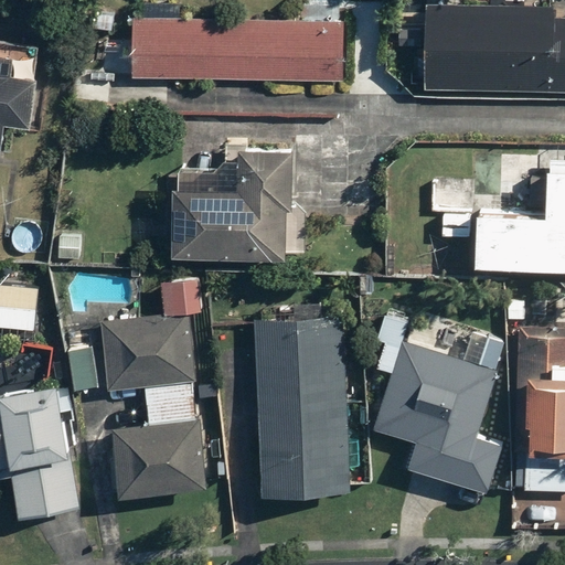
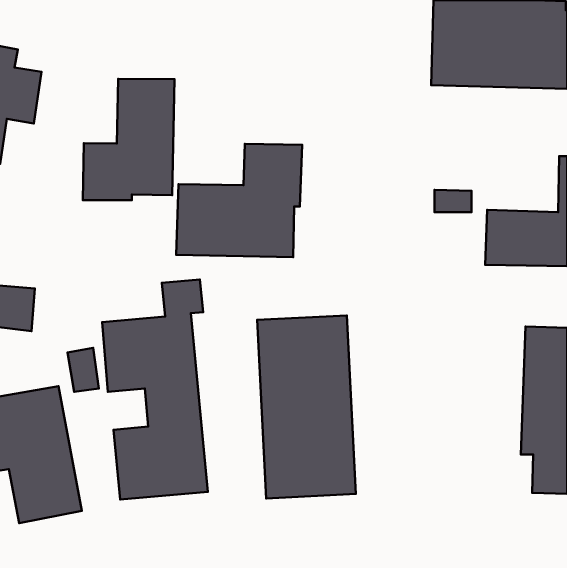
building: [130,18,342,83] -> none
building: none -> [83,79,174,200]
building: [373,316,501,491] -> none

